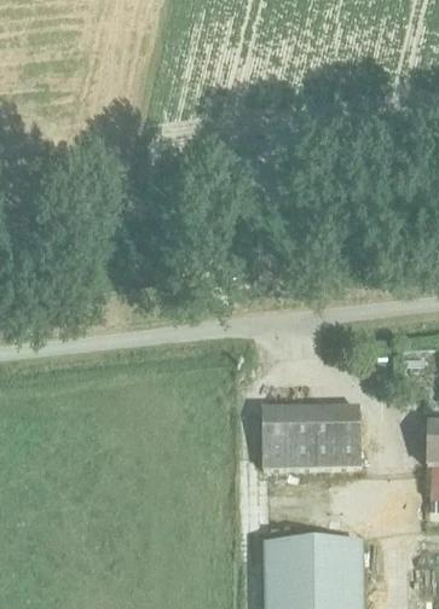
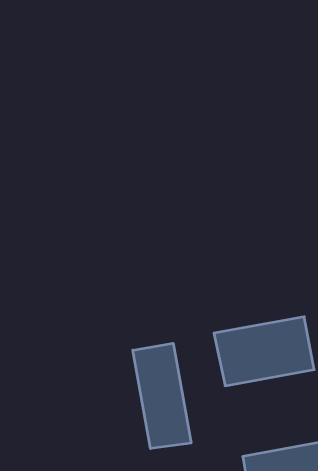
building: none -> [133,343,191,449]

